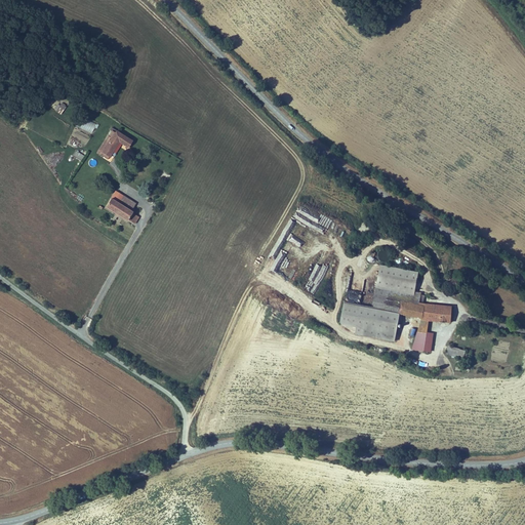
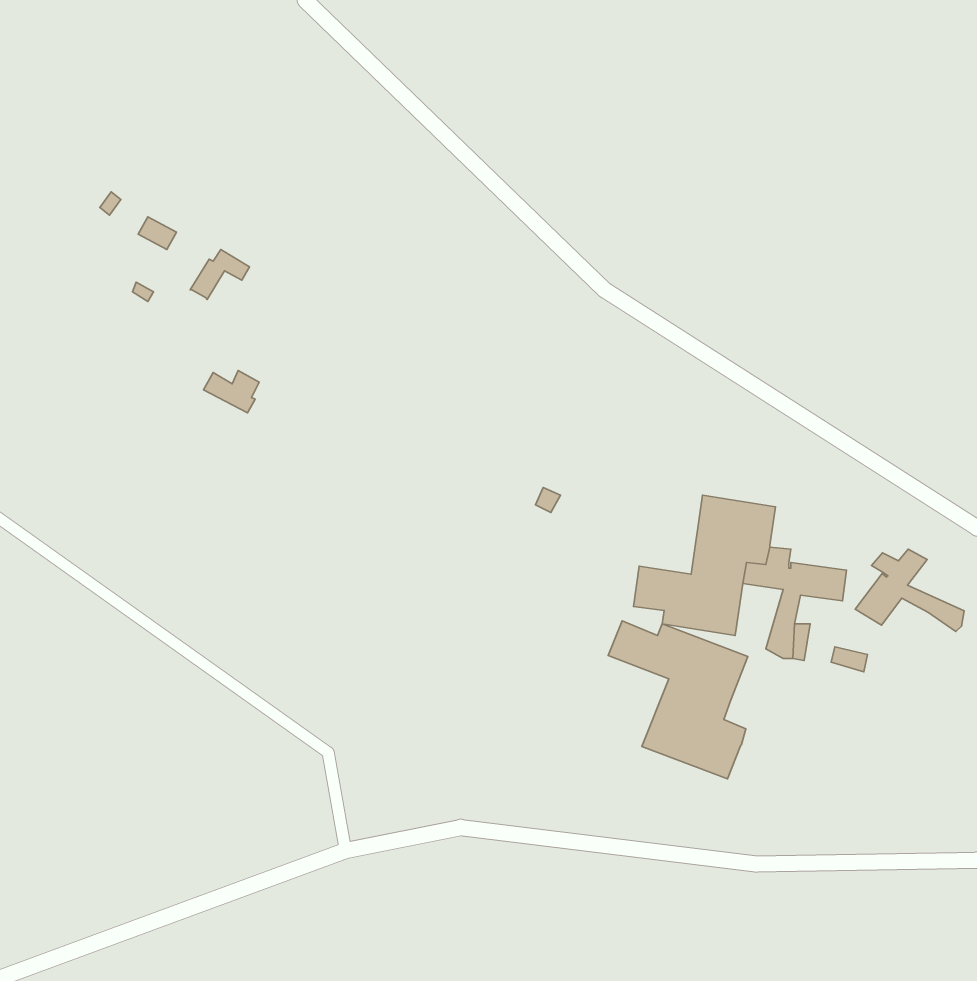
building: none -> [855,549,964,632]
building: none -> [608,621,748,779]

